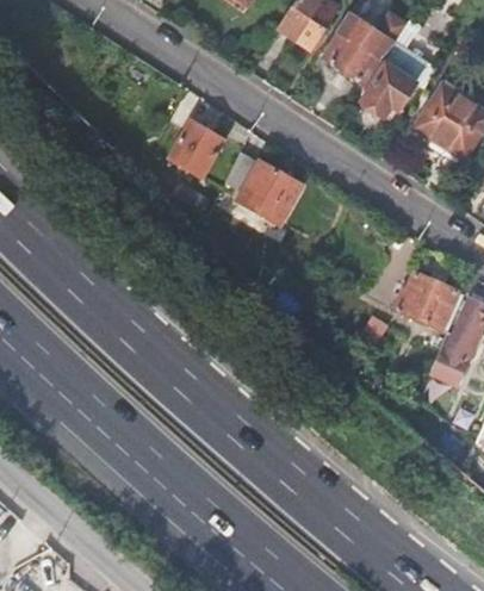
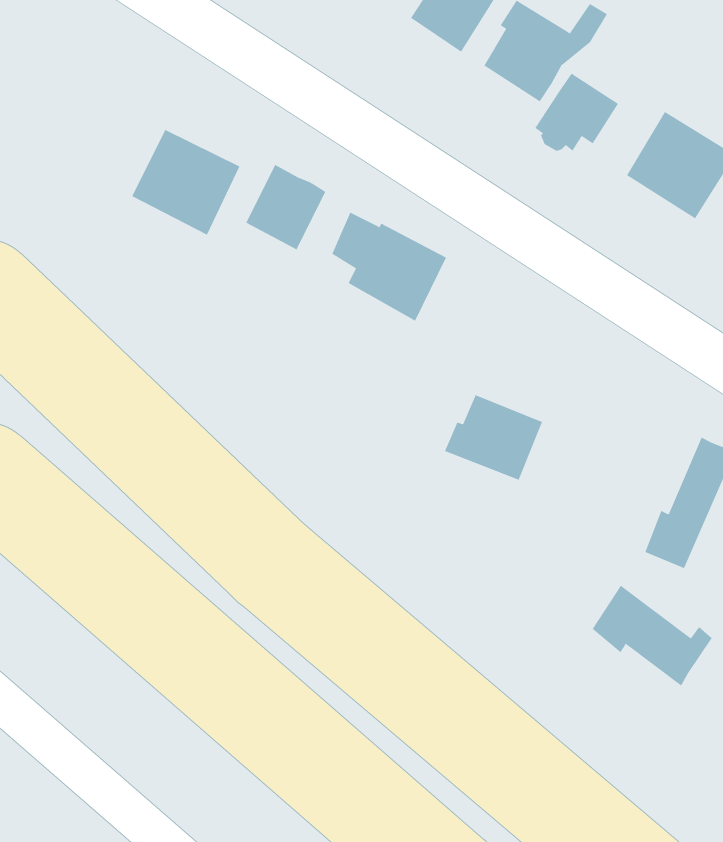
building: none -> [131,129,240,236]
building: [393,274,458,330] -> [444,395,543,481]
building: none -> [592,585,713,687]

